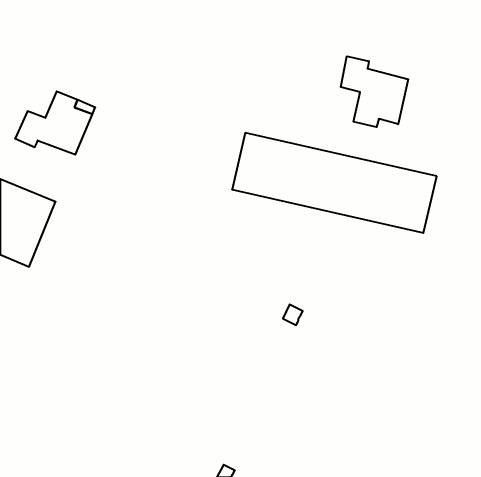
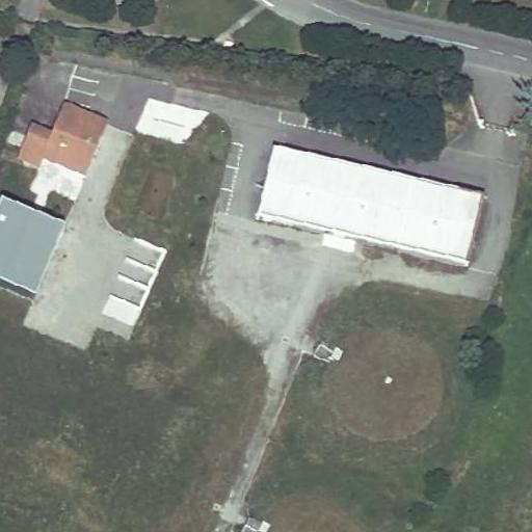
building: [341,56,408,127] -> none

